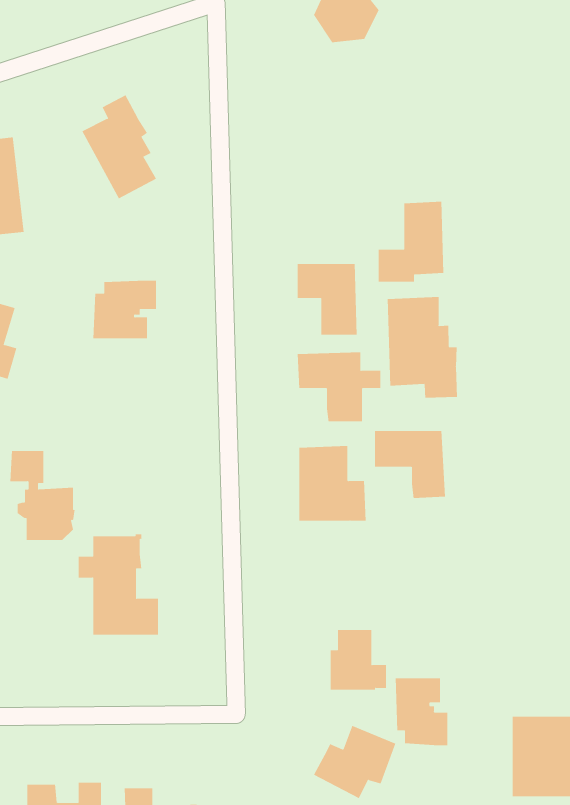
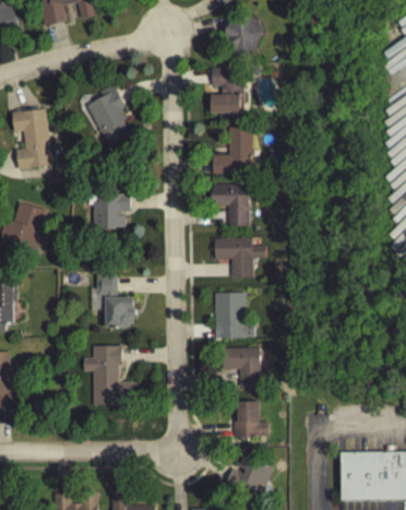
building: none -> [212,67,243,112]
building: [378,201,444,282] -> [213,126,252,174]
building: [387,296,457,399] -> none
building: [374,431,446,499] -> [218,347,261,388]
building: [9,451,76,541] -> [96,274,135,328]
building: [395,678,448,746] -> none

